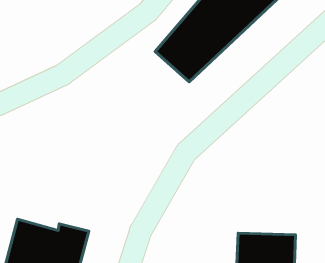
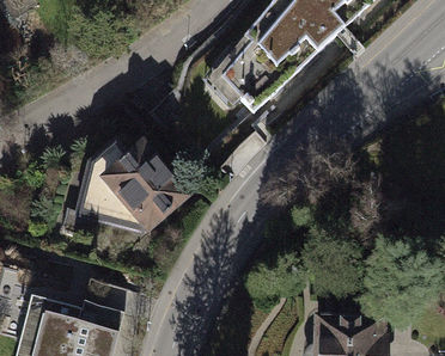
building: none -> [78,134,193,234]

